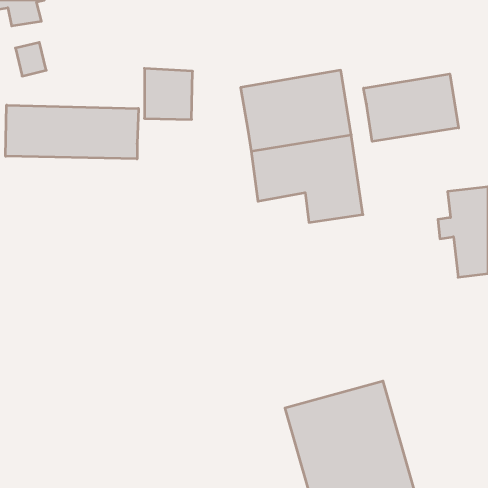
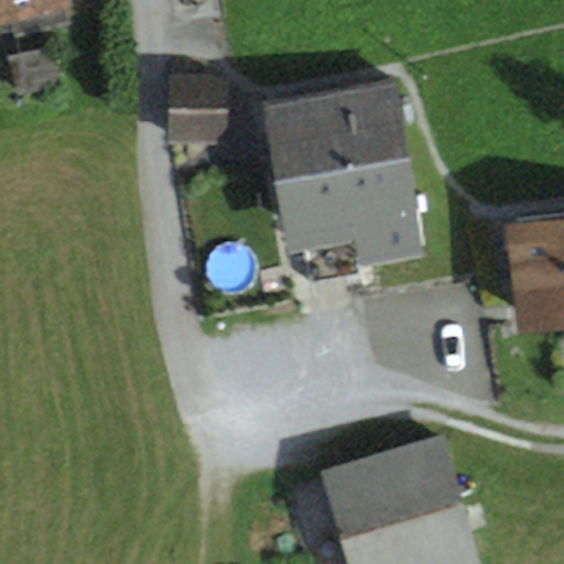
building: [364,74,459,141] -> none
building: [6,105,138,159] -> none

